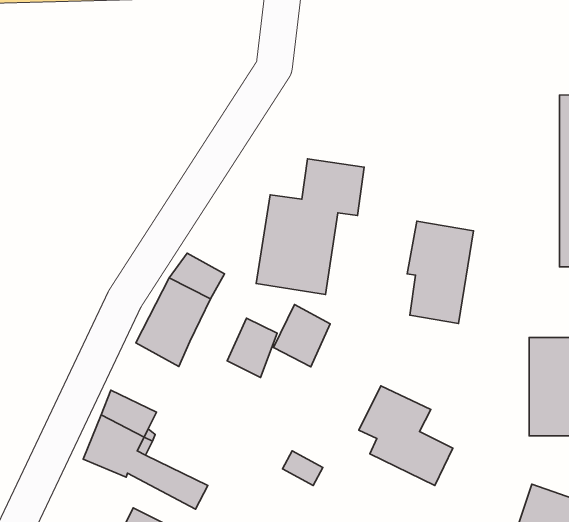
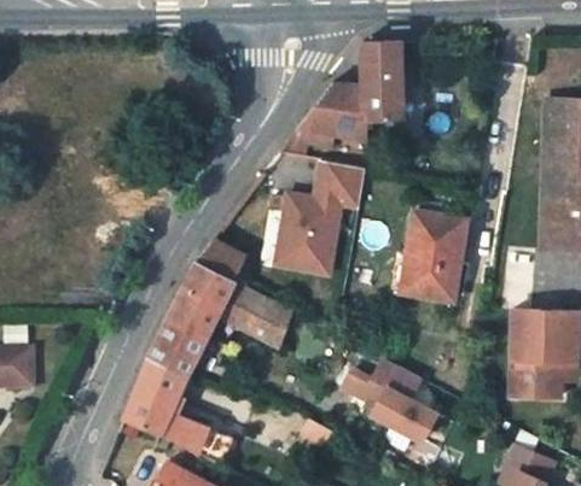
building: none -> [286,45,401,152]
building: [274,305,330,367] -> [215,281,265,335]
building: none -> [146,320,205,380]

